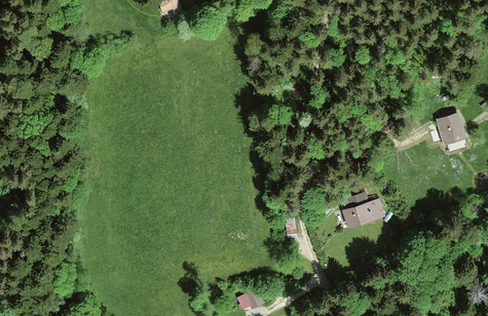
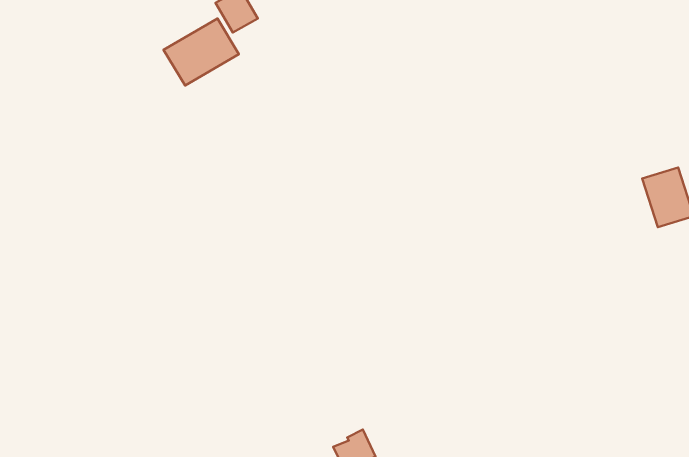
building: none -> [164,19,239,85]
building: [339,192,384,230] -> none

